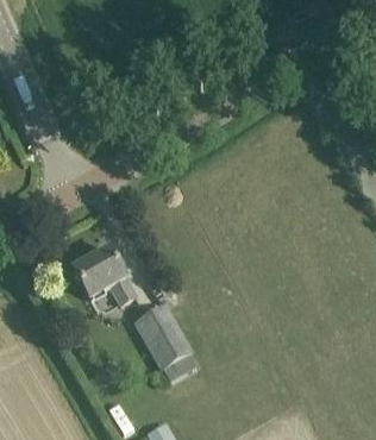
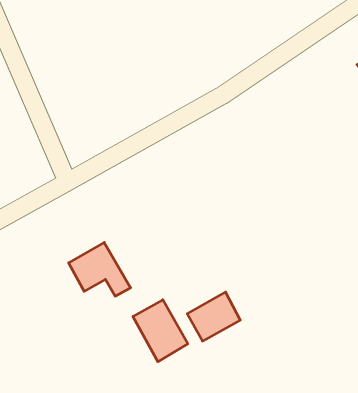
building: none -> [187,292,240,341]

